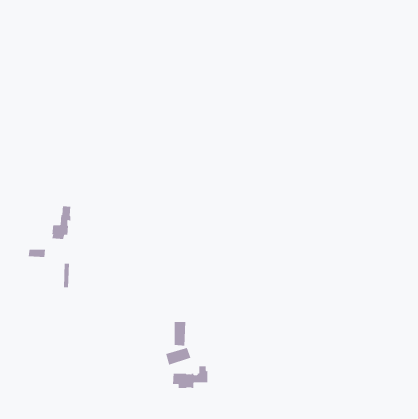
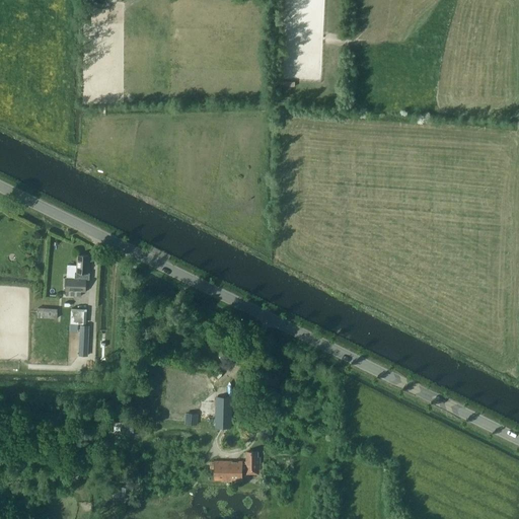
building: [165,347,191,366] -> none

